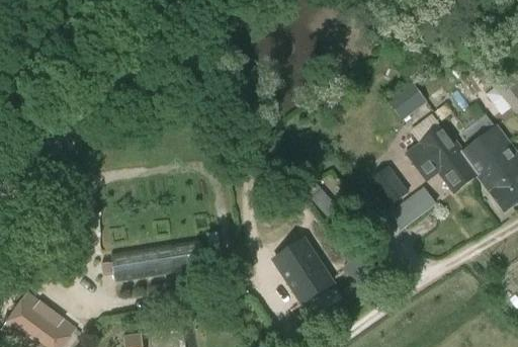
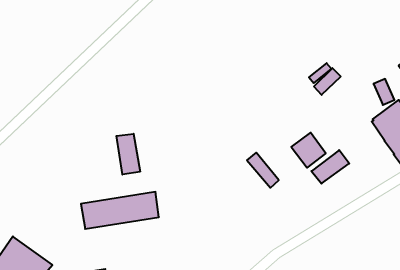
building: [405,123,479,191] -> none
building: none -> [116,134,140,175]
building: [275,244,337,308] -> none

